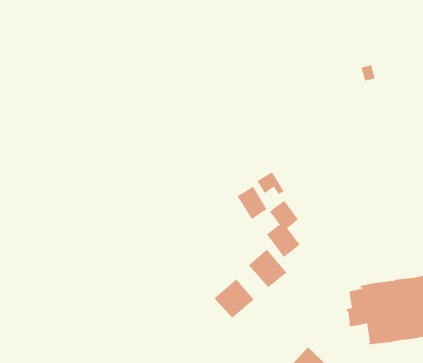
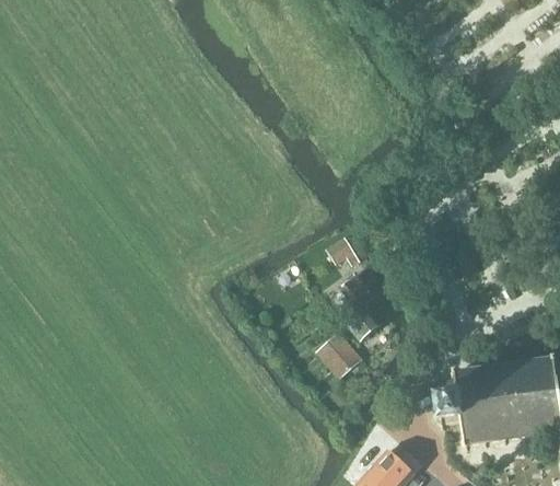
building: [237,186,267,220] -> none
building: [214,278,255,319] -> none

